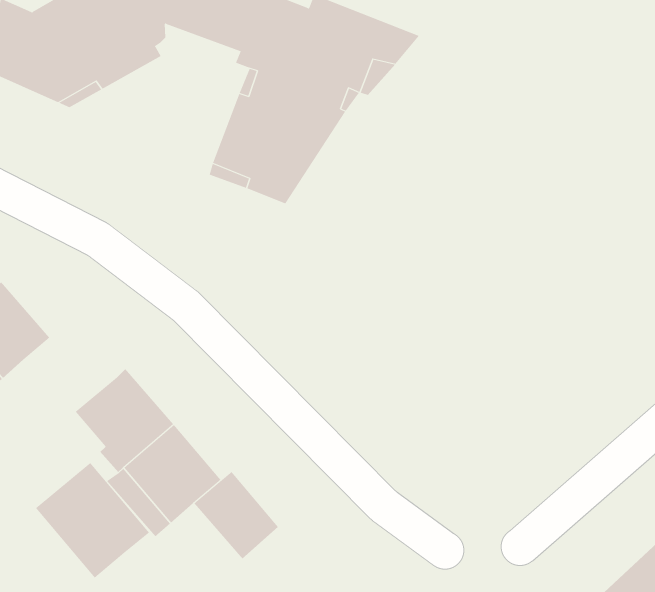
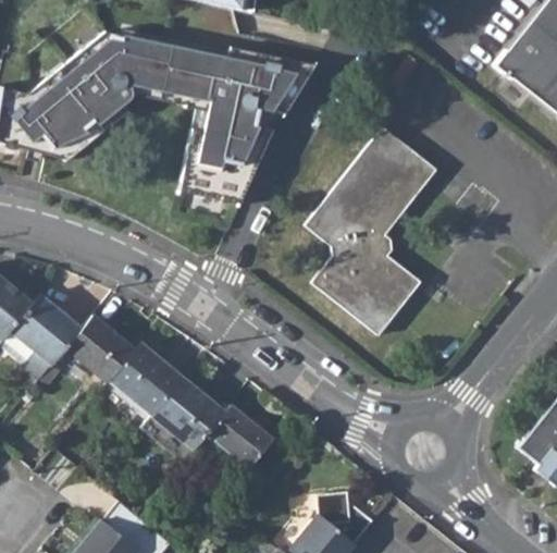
building: none -> [306,126,438,335]
building: none -> [66,315,136,382]
building: [35,462,150,579] -> none

